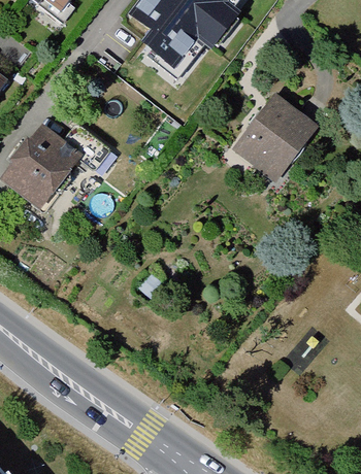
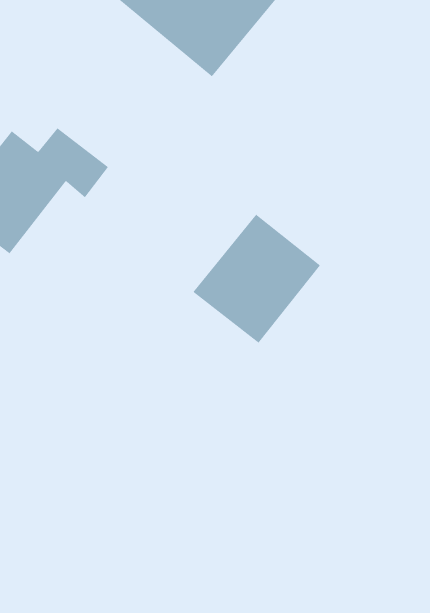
building: [231,92,321,182] -> [192,214,321,344]

